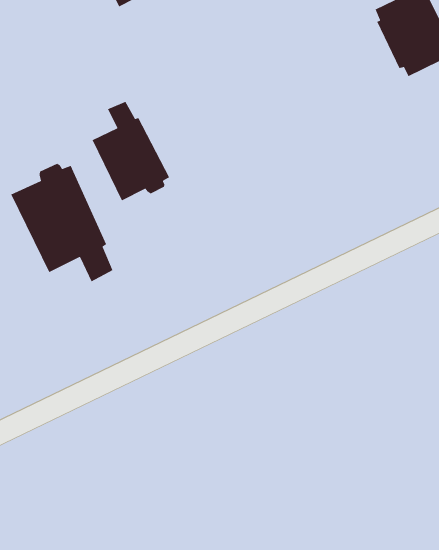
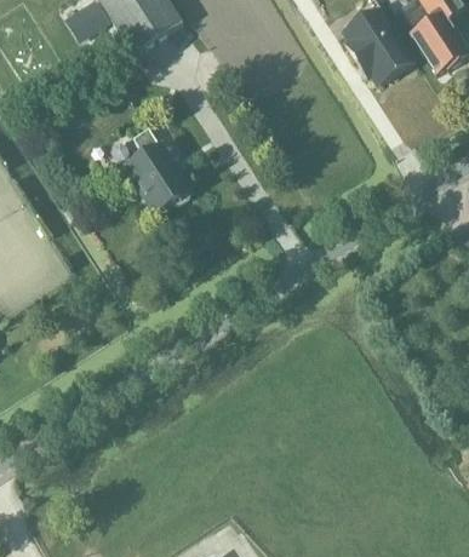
building: [10,163,114,283] -> none

